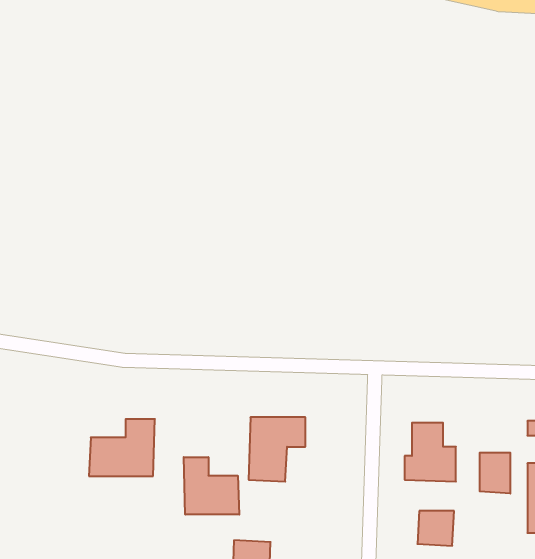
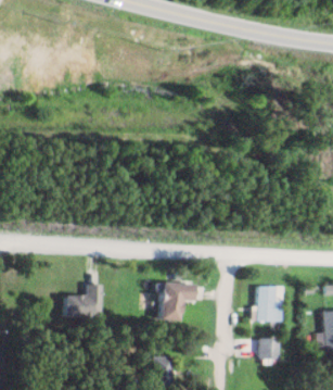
building: [480,453,510,494] -> none
building: [184,457,239,515] -> none

